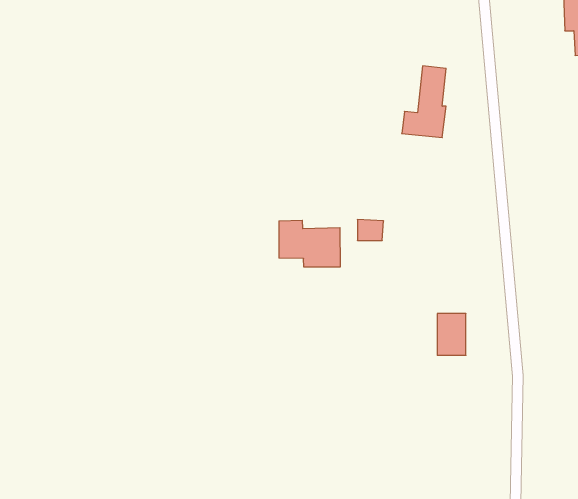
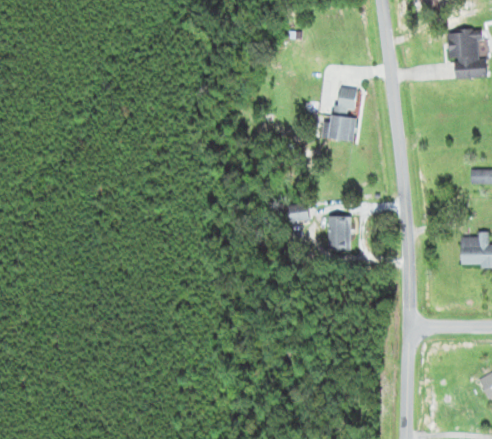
building: [279,220,340,267] -> none
building: [437,314,466,355] -> [330,217,352,249]

